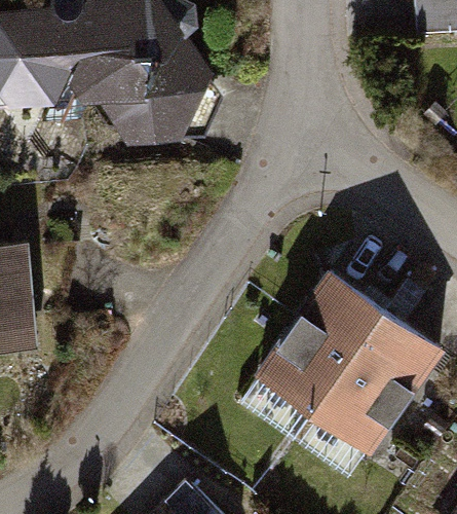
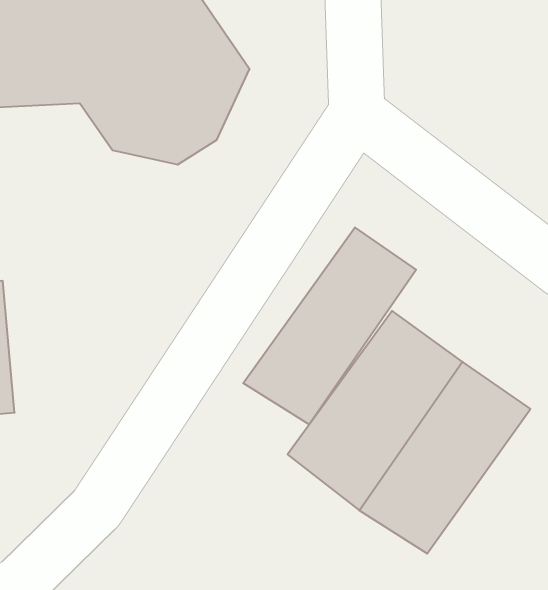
building: none -> [243,227,416,425]

